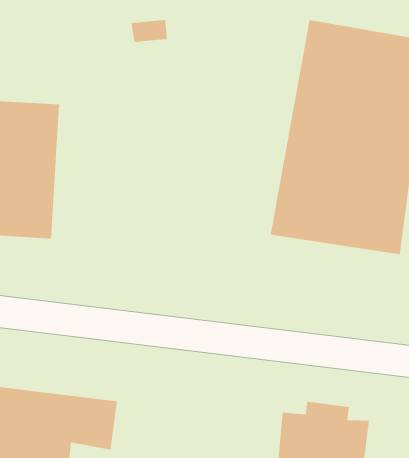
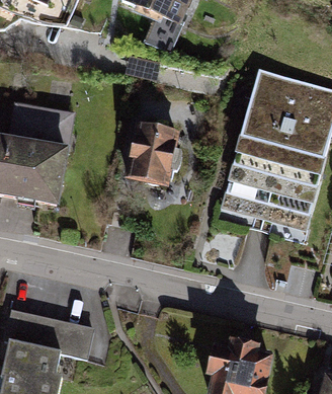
building: none -> [123,122,182,187]

